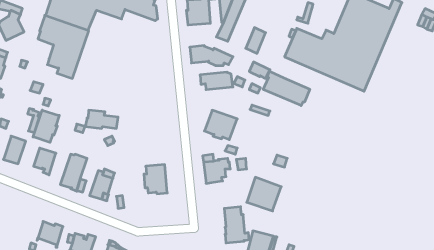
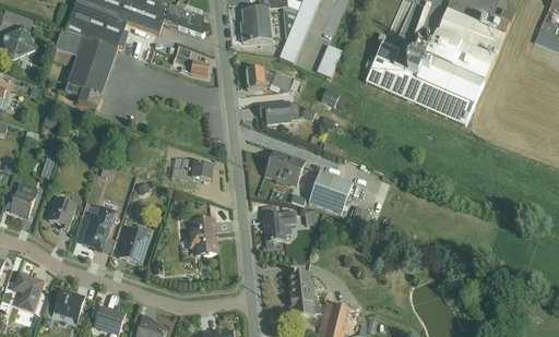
building: none -> [173,45,209,75]
building: [263,71,310,106] -> none
building: [33,110,59,142] -> none
building: [85,110,118,128] -> [170,156,212,179]
building: [247,177,281,211] -> [308,170,352,213]
building: none -> [12,272,44,310]

